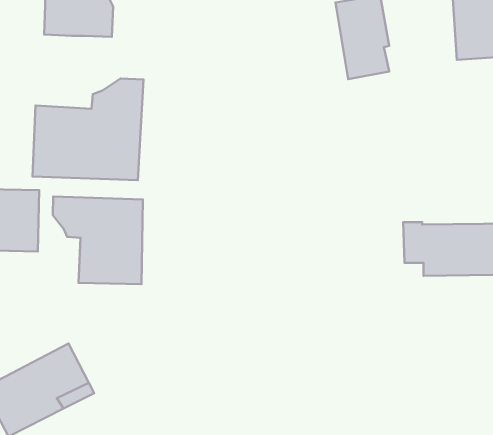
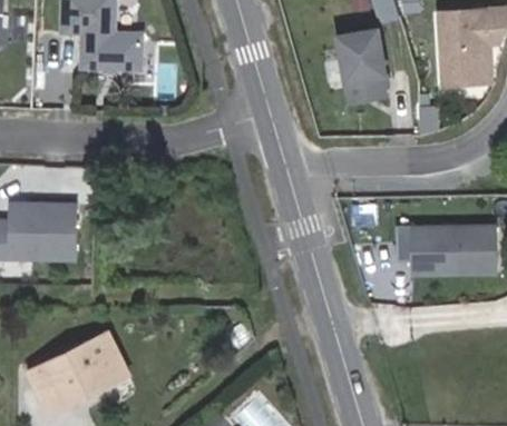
building: [32,79,143,180] -> none
building: [53,197,143,284] -> none

